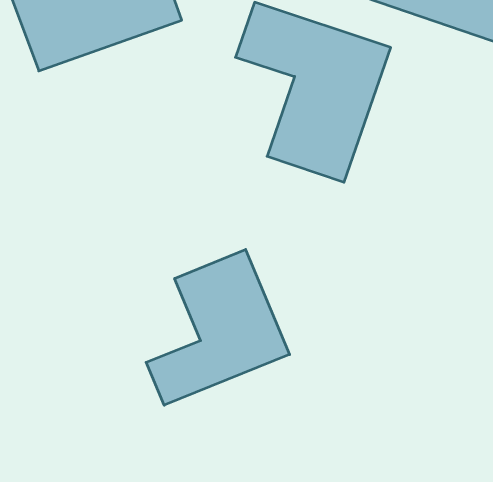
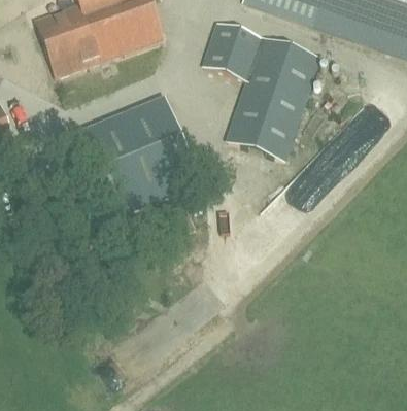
building: none -> [77,96,197,215]
building: [146,249,290,405] -> none

